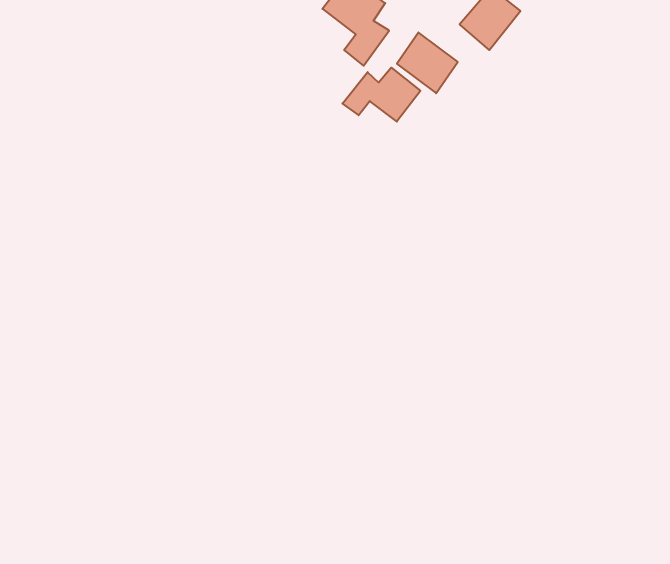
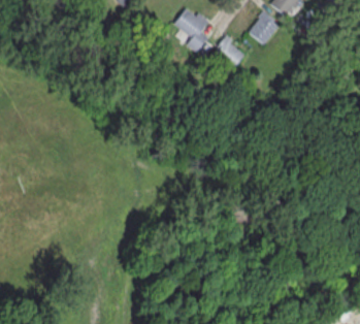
building: [342,68,420,122] -> none

